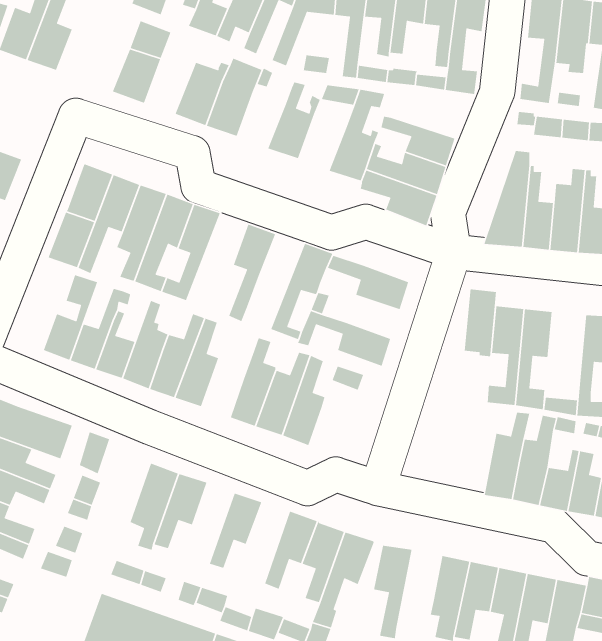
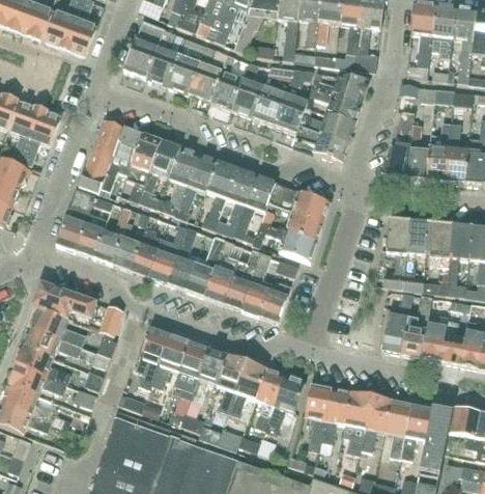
building: none -> [146,28,183,85]
building: none -> [210,64,248,109]
building: none -> [317,75,369,102]
building: none -> [253,80,289,125]
building: none -> [175,154,218,220]
building: none -> [213,168,257,236]
building: none -> [56,189,94,249]
building: [464,289,497,357] -> [429,222,452,270]
building: none -> [286,211,323,241]
building: none -> [186,237,225,296]
building: none -> [260,283,291,322]
building: none -> [179,340,208,397]
building: none -> [217,354,247,411]
building: none -> [321,388,352,443]

